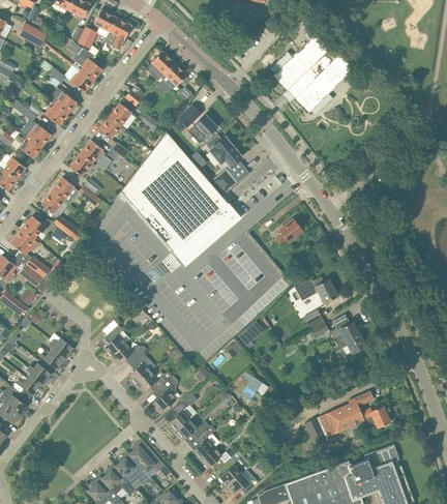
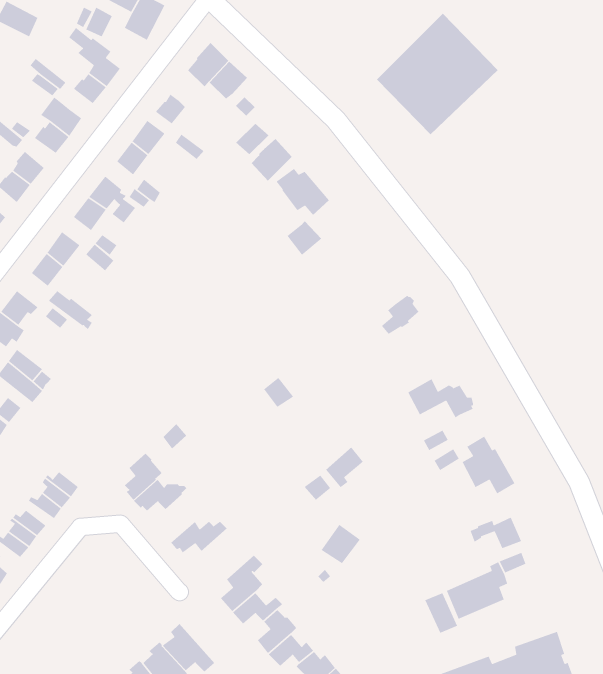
building: [120,132,233,259] -> none
building: [128,353,155,385] -> none
building: [152,376,177,414] -> none
building: [355,406,390,427] -> [469,517,522,549]

